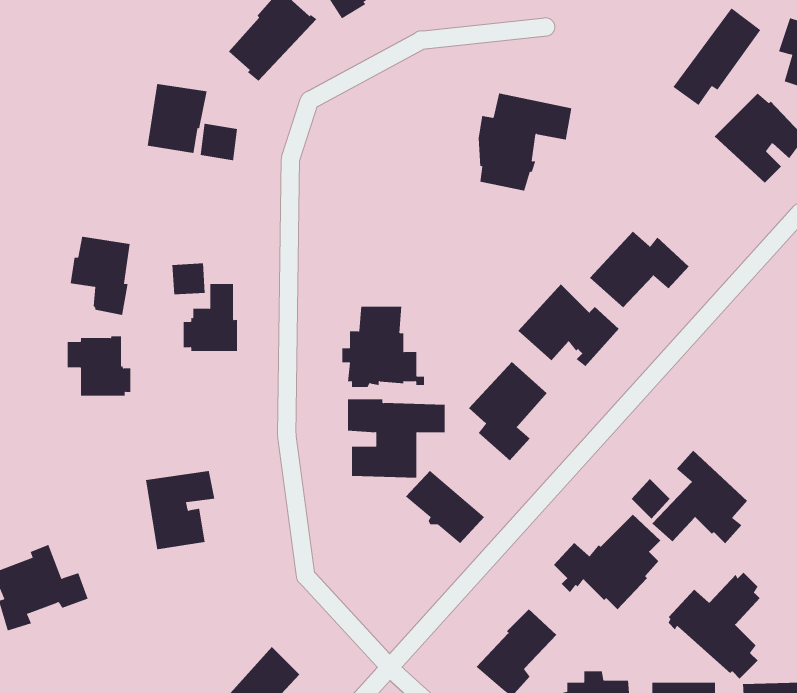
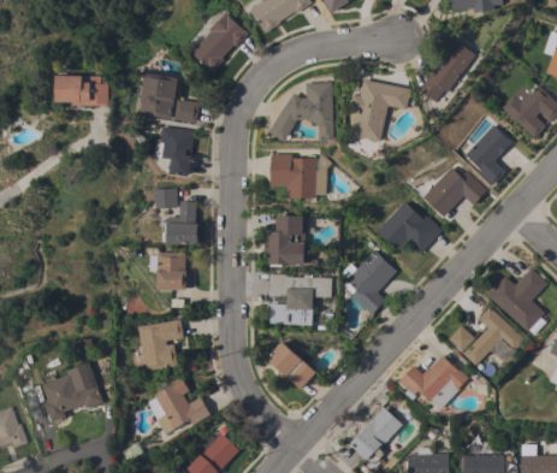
building: [672,8,761,106] -> [420,40,476,102]
building: none -> [59,71,109,106]
building: none -> [269,82,333,142]
building: none -> [464,124,511,185]
building: none -> [271,154,331,199]
building: [70,236,130,316] -> [155,126,194,177]
building: [67,336,131,396] -> [150,252,191,290]
building: [405,470,485,544] -> [266,342,316,389]
building: none -> [147,377,211,434]
building: [668,572,760,679] -> [487,266,546,335]

